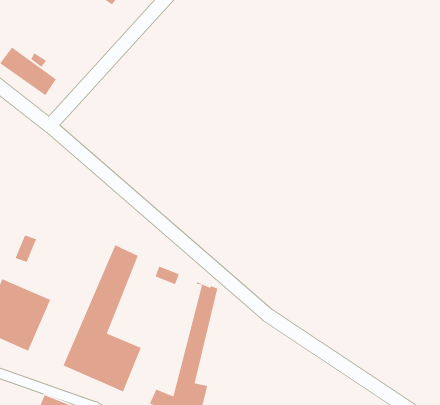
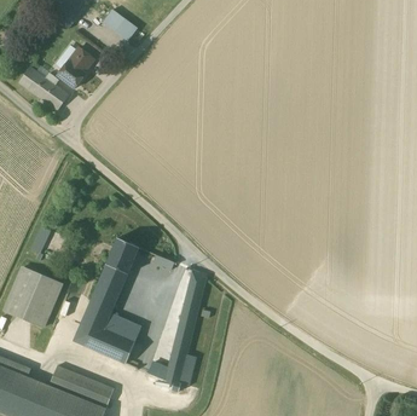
building: none -> [57,47,93,88]

